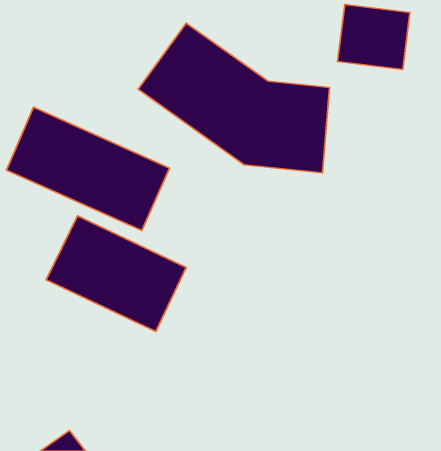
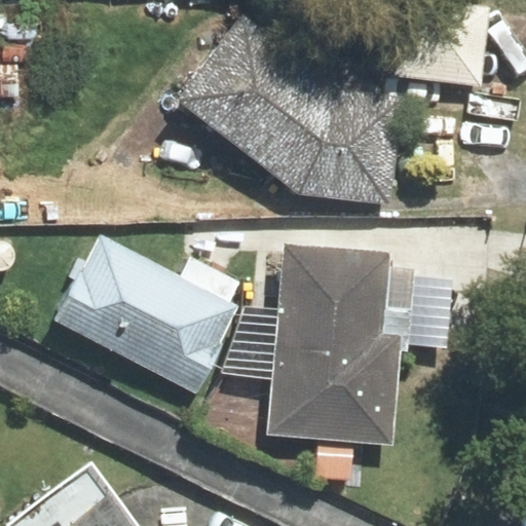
building: [6,107,170,231] -> none
building: none -> [269,263,394,442]

